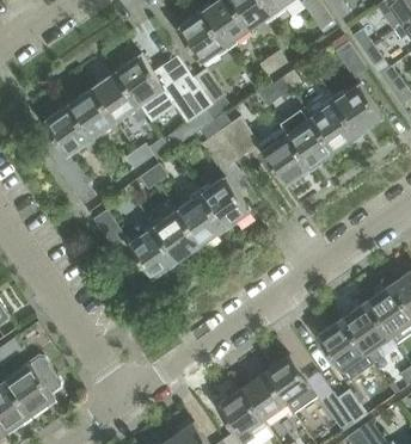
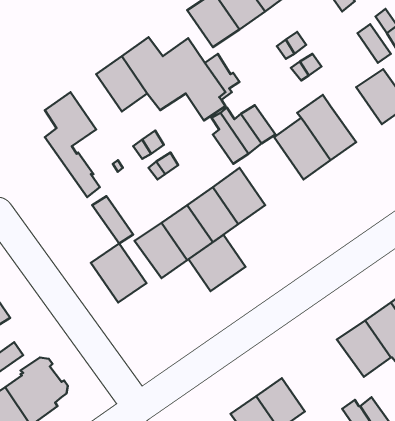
building: [67,90,115,141] -> none
building: [302,91,357,153] -> none
building: none -> [189,235,245,291]
building: none -> [91,243,146,302]
building: [264,356,309,403] -> none

